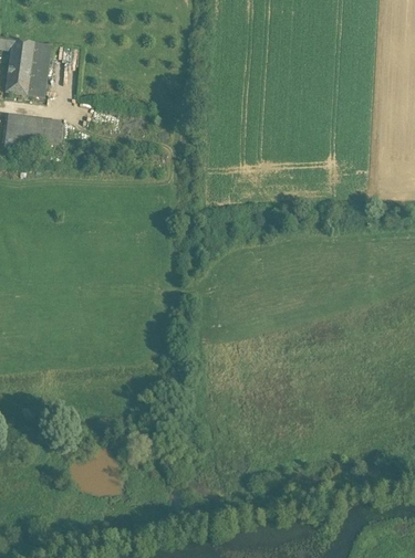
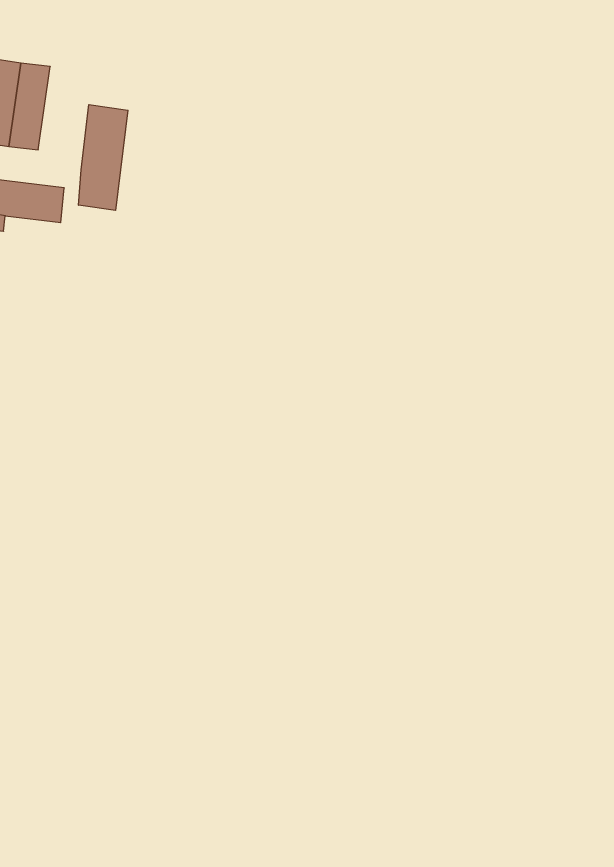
building: none -> [79,105,128,210]

